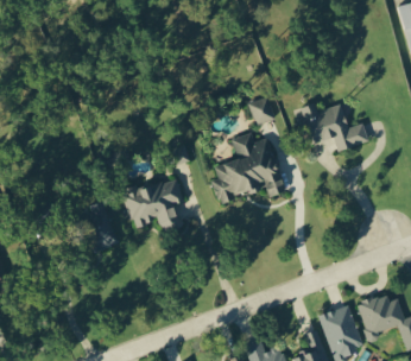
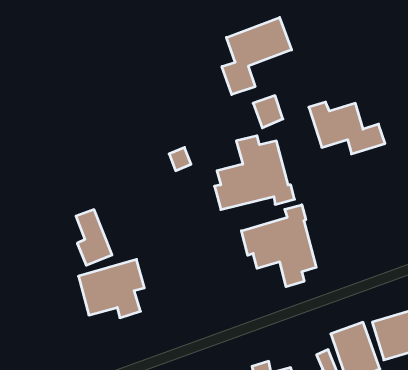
building: none -> [222,17,292,95]
building: [124,178,184,232] -> [78,259,144,318]
building: none -> [241,205,316,287]

